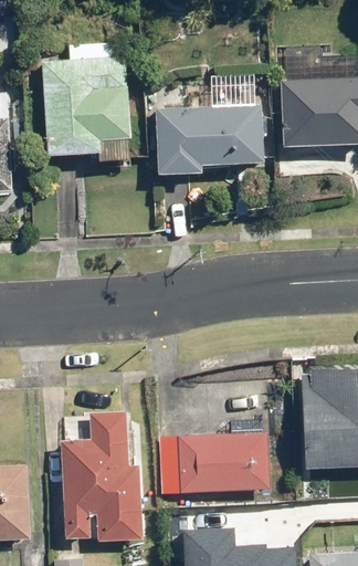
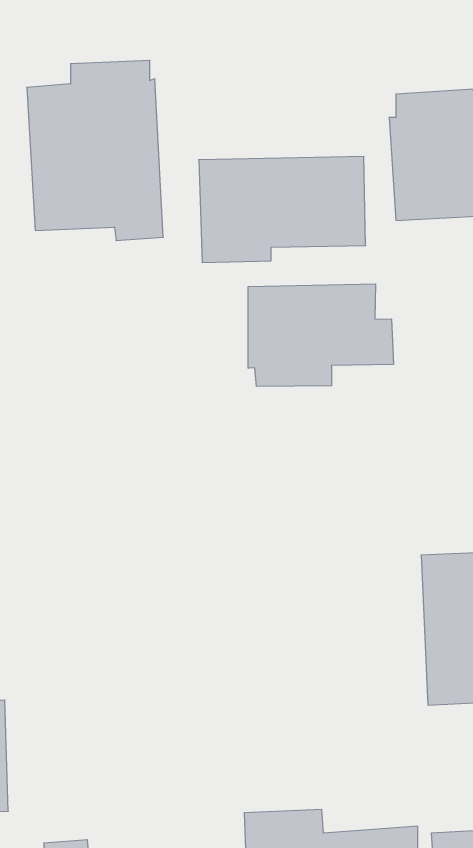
building: none -> [248,284,393,386]
building: [59,410,140,538] -> none
building: [176,430,268,492] -> none

